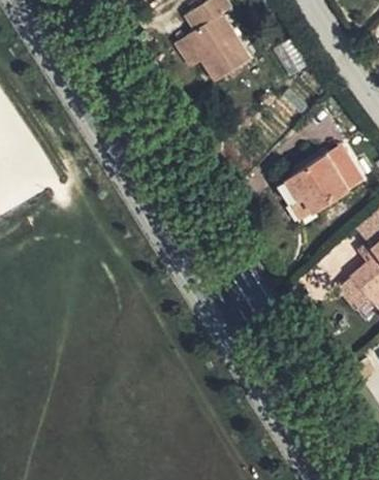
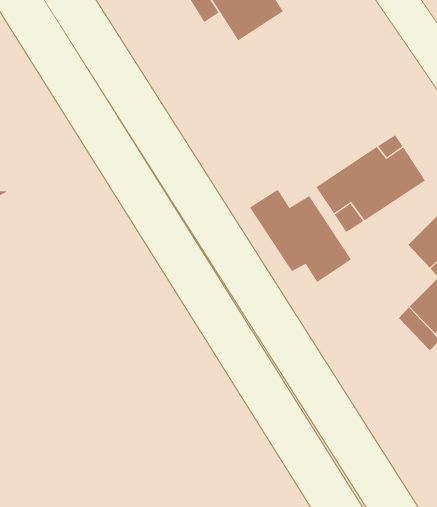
building: none -> [249,189,352,283]

